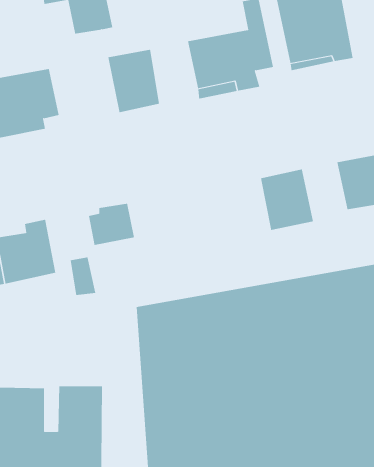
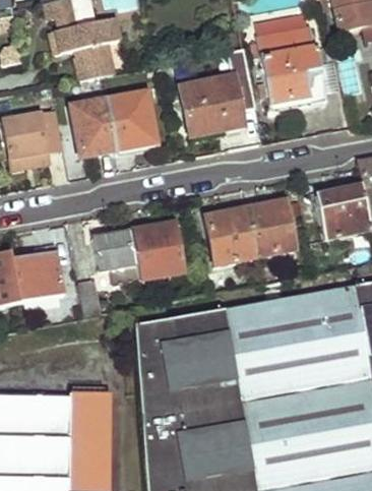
building: none -> [73,101,120,156]
building: none -> [203,208,255,263]
building: none -> [128,223,181,278]

